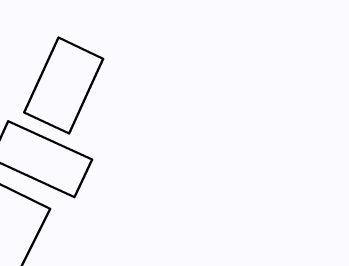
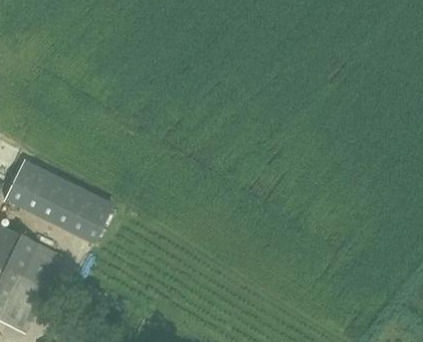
building: [24,38,103,134] -> none

